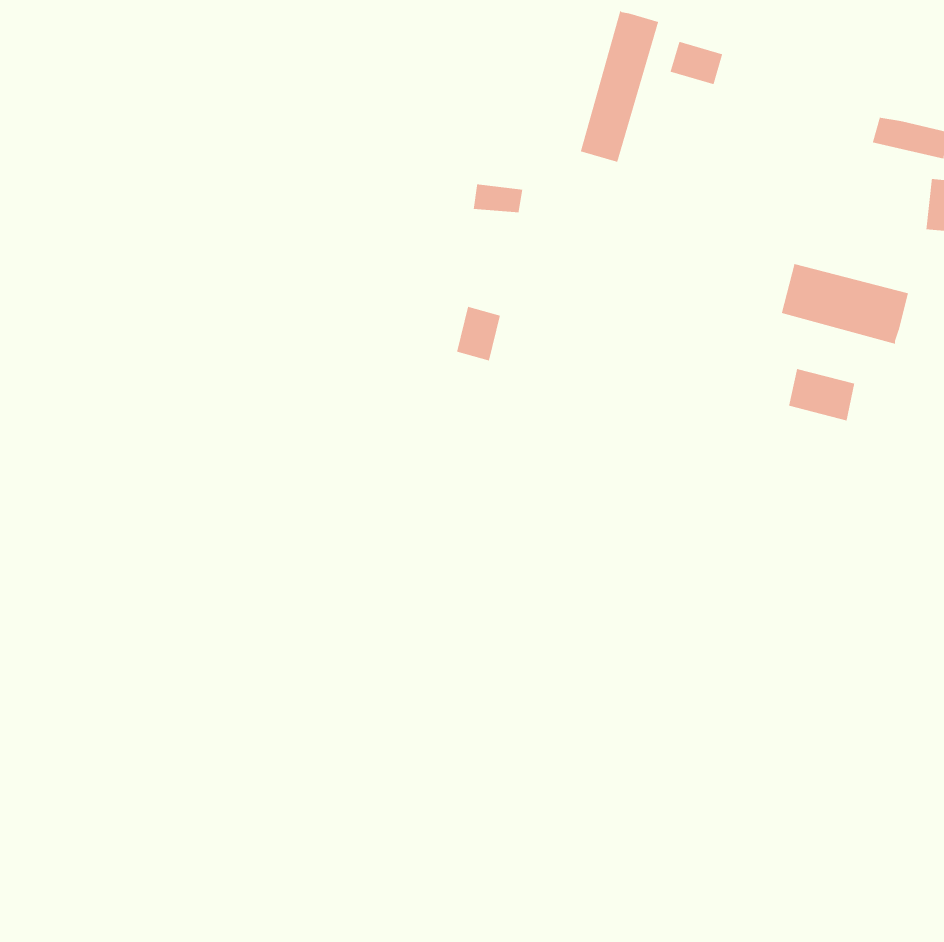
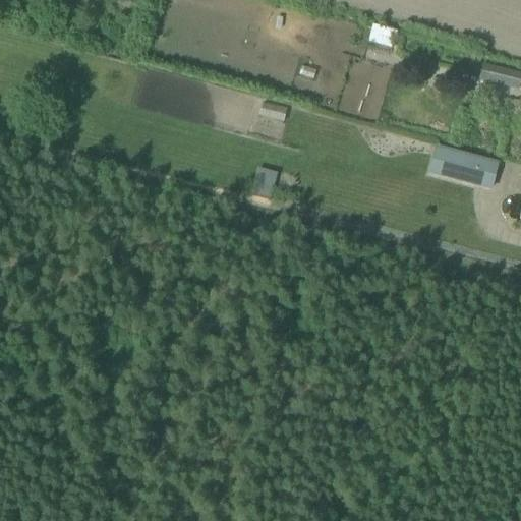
building: [580,10,659,163] -> none
building: [788,368,855,421] -> none

